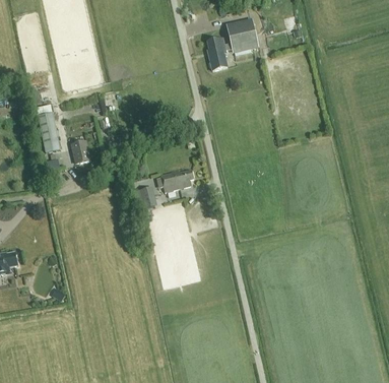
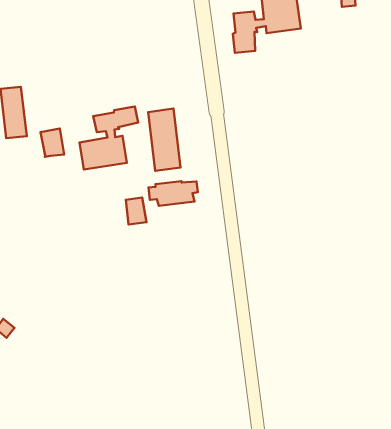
building: none -> [148,109,181,171]
building: none -> [80,106,138,170]

